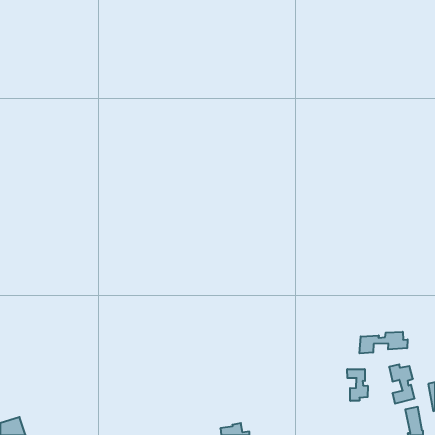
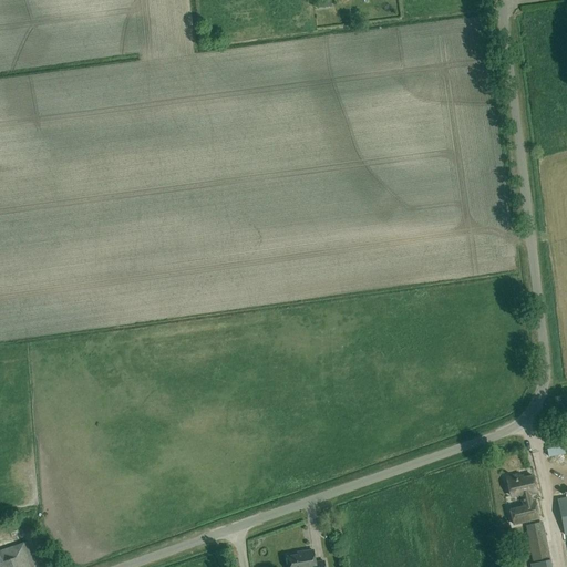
building: [360,332,408,353] -> none
building: [347,369,368,401] -> none

